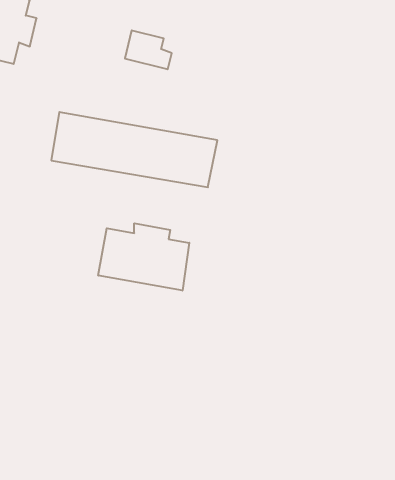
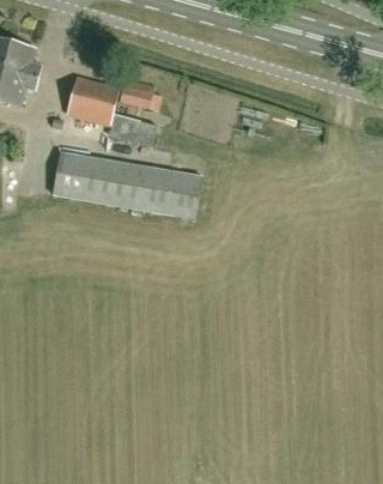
building: none -> [66,77,156,145]
building: [98,223,189,291] -> none

